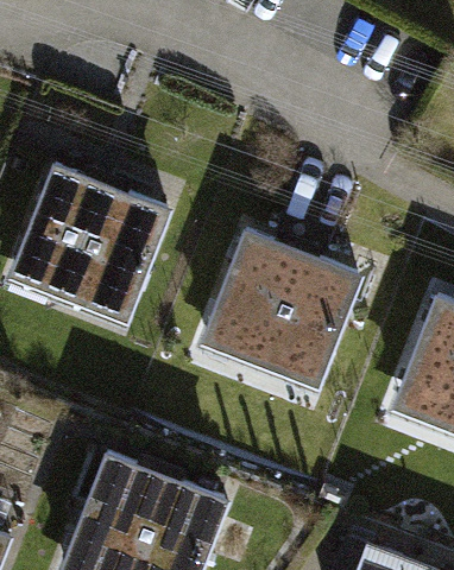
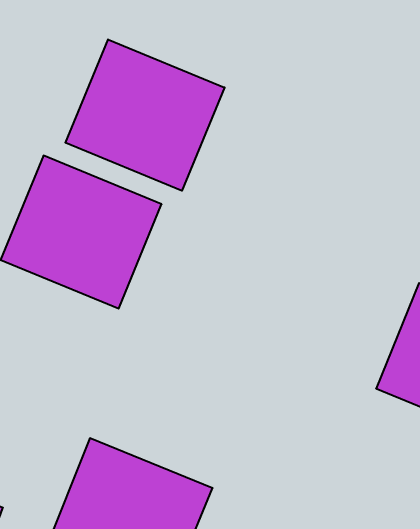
building: none -> [65,39,225,191]
building: [200,235,365,392] -> none

